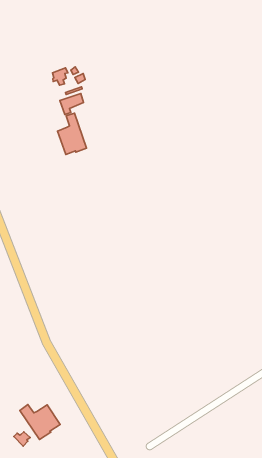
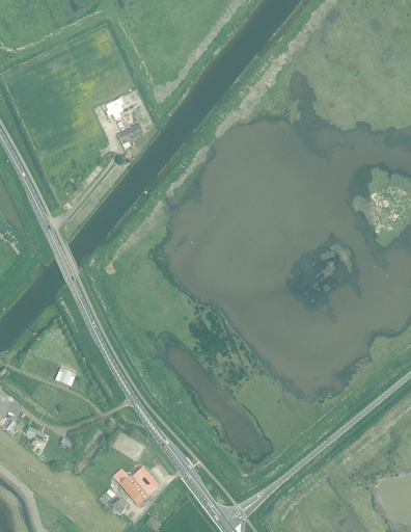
building: [58,113,86,155] -> none

